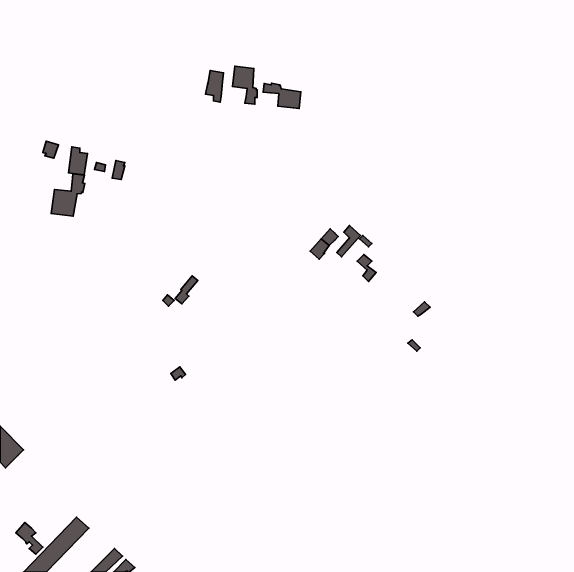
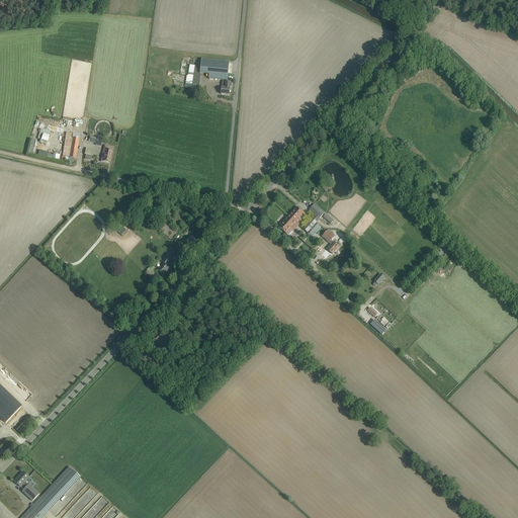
building: [263,83,301,109] -> none
building: [51,174,85,216] -> none

